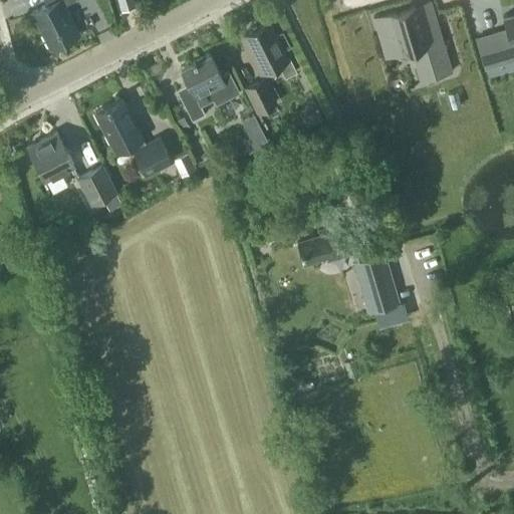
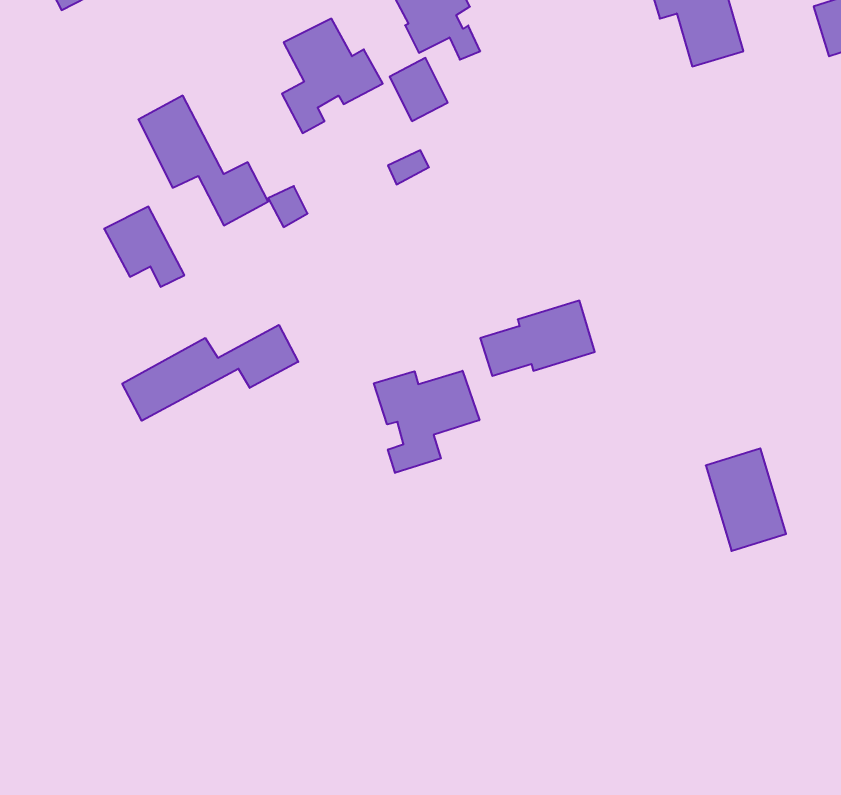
building: [28,136,73,182] -> none
building: none -> [122,325,298,421]
building: [352,256,400,316] -> [706,448,786,551]
building: none -> [374,371,479,473]

